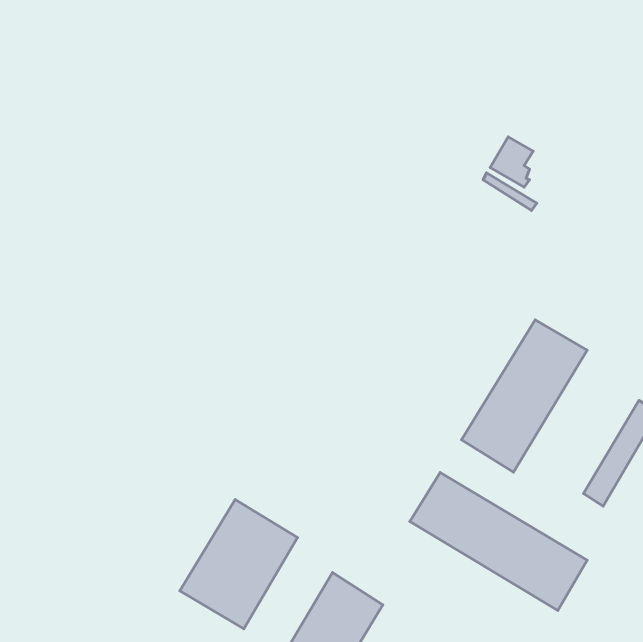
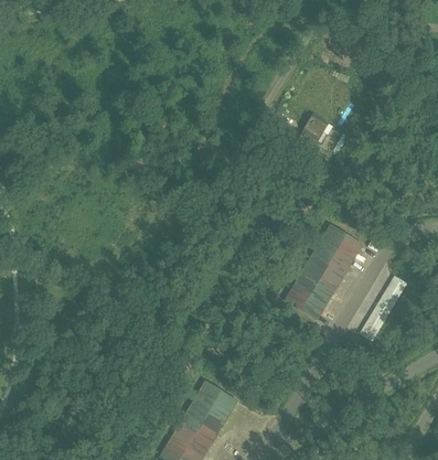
building: [410,472,587,611] -> none
building: [180,499,297,629] -> none

